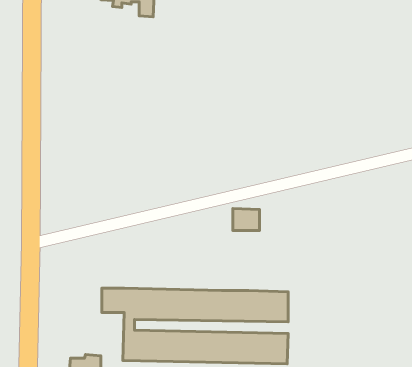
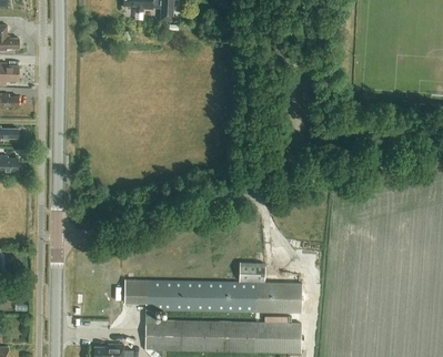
building: [233,208,260,231] -> [239,261,264,282]

